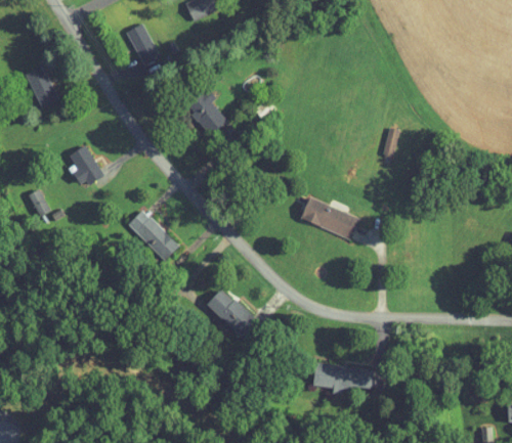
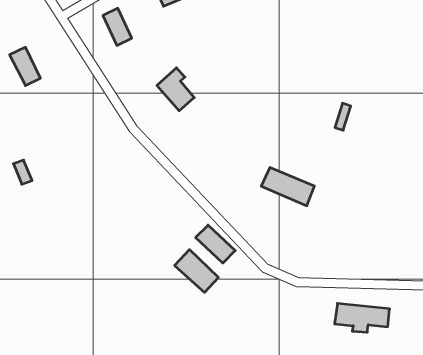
building: [69,146,103,188] -> none
building: [128,211,179,262] -> none
building: none -> [196,225,235,263]
building: [313,362,374,394] -> [335,303,390,332]

